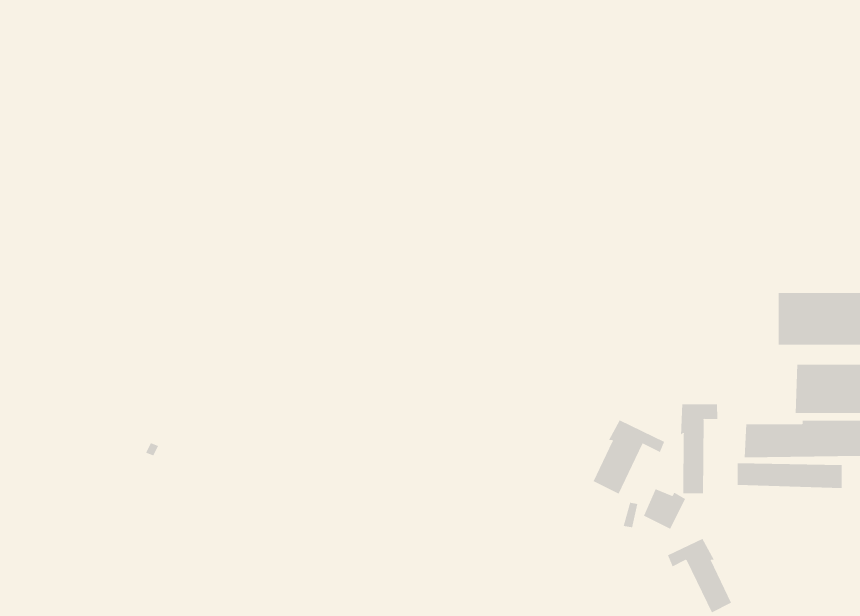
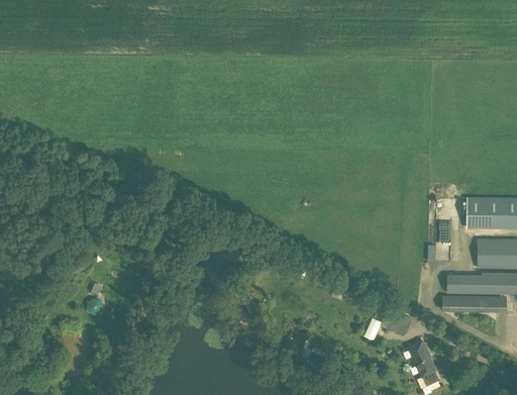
building: [680,403,718,494] -> none
building: [593,420,665,495] -> none

